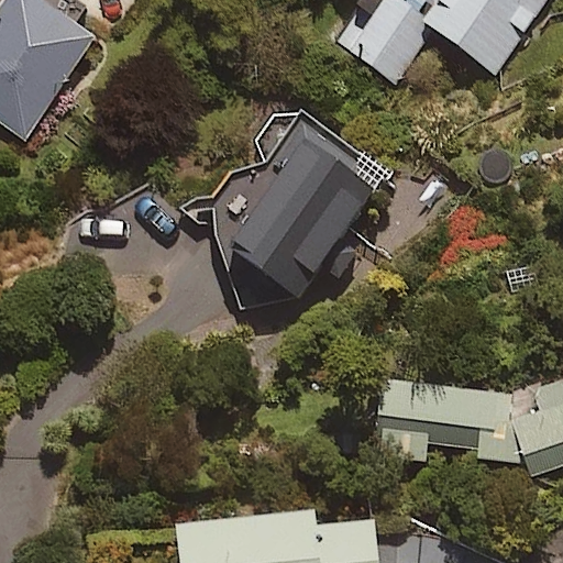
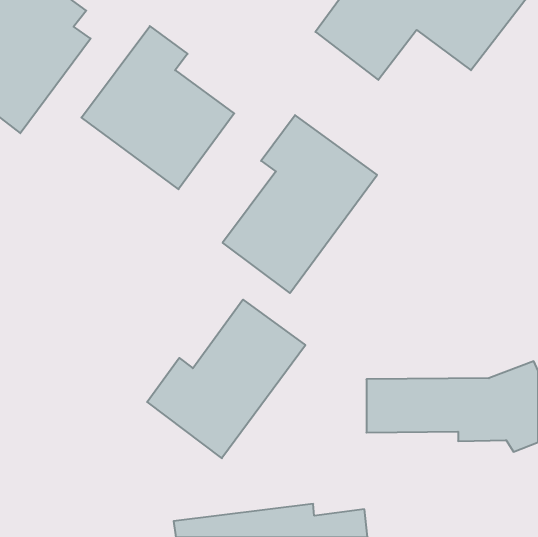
building: none -> [81,26,234,189]
building: none -> [147,300,305,458]

